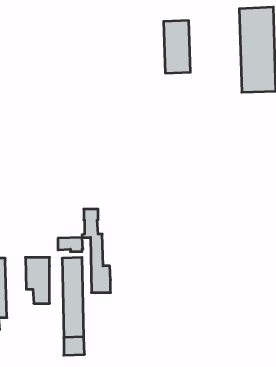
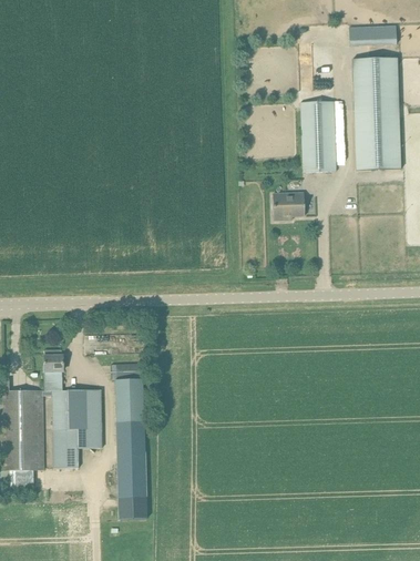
building: [164,21,190,73] -> [300,101,336,171]
building: none -> [274,191,305,218]
building: [82,209,111,293] -> [42,355,80,466]

